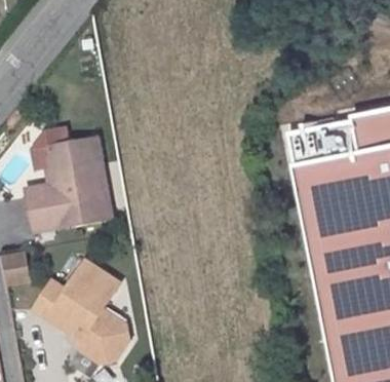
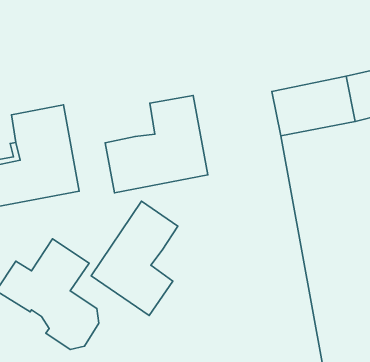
building: none -> [105,95,208,193]
building: none -> [91,201,178,315]

